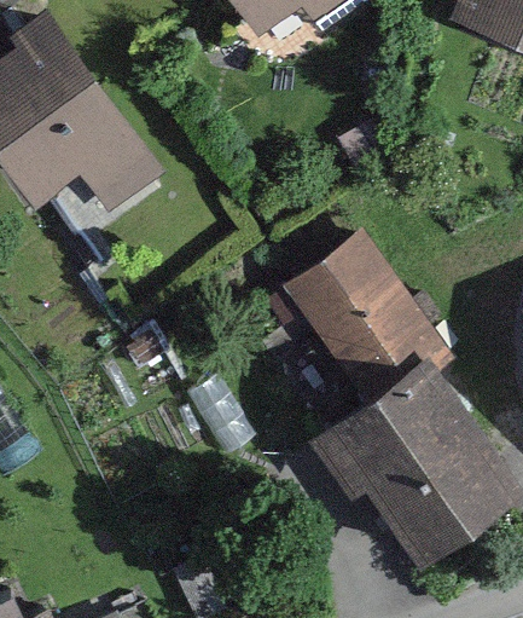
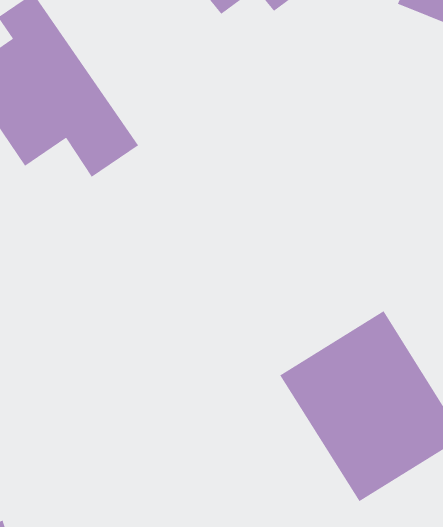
building: [280,232,430,386] -> none

